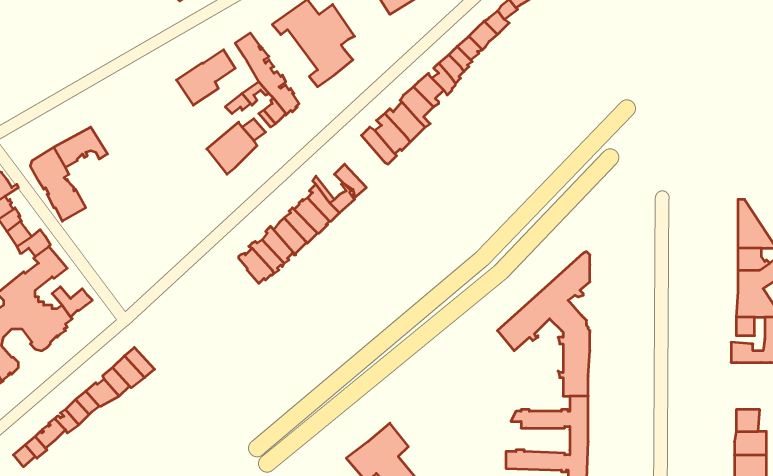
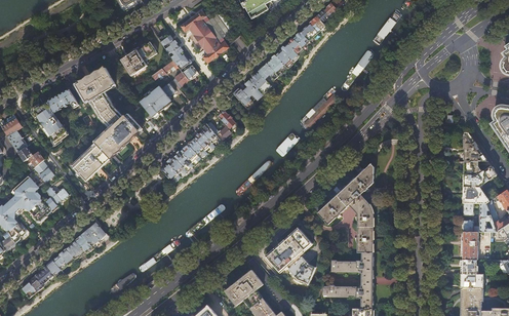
building: none -> [73,67,141,177]
building: none -> [266,228,314,283]
building: none -> [463,231,478,260]

